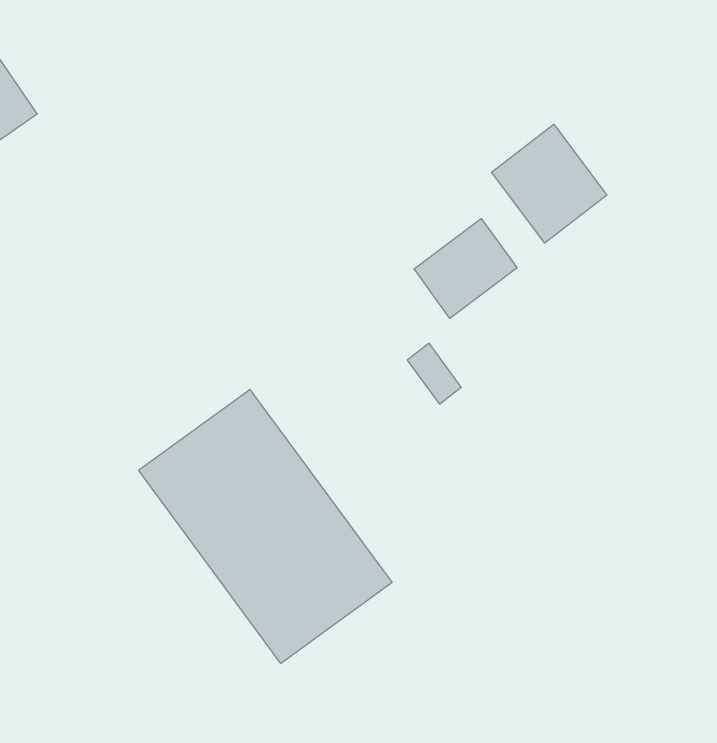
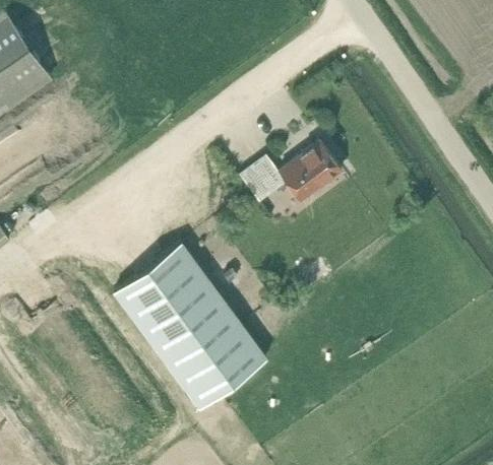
building: [492,124,607,243] -> none
building: [407,343,461,404] -> [240,167,272,203]

